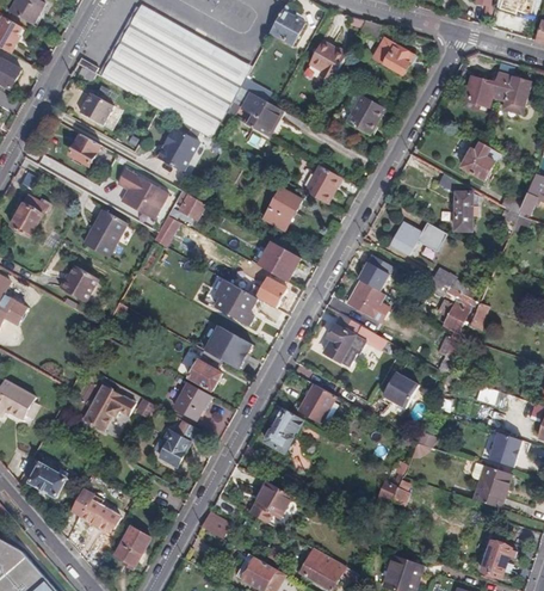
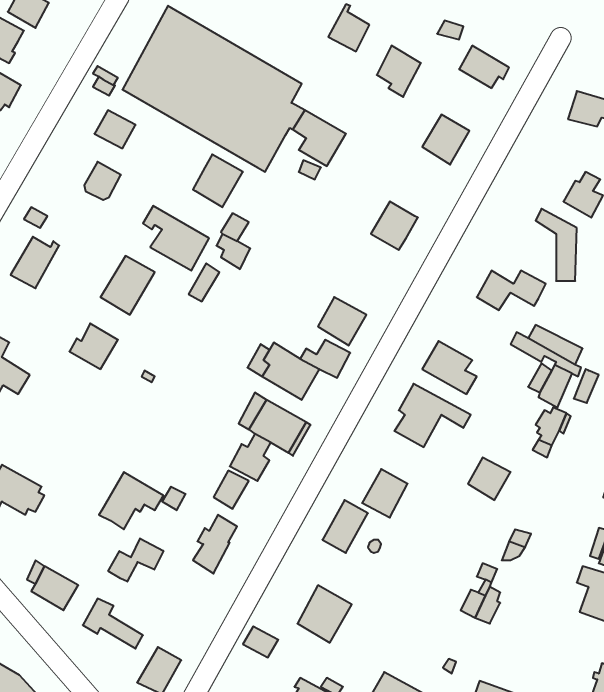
building: [265,189,301,229] -> none
building: [357,253,392,290] -> none
building: none -> [108,538,163,582]

